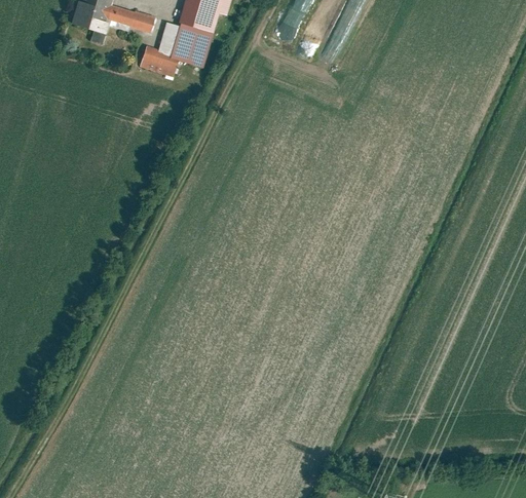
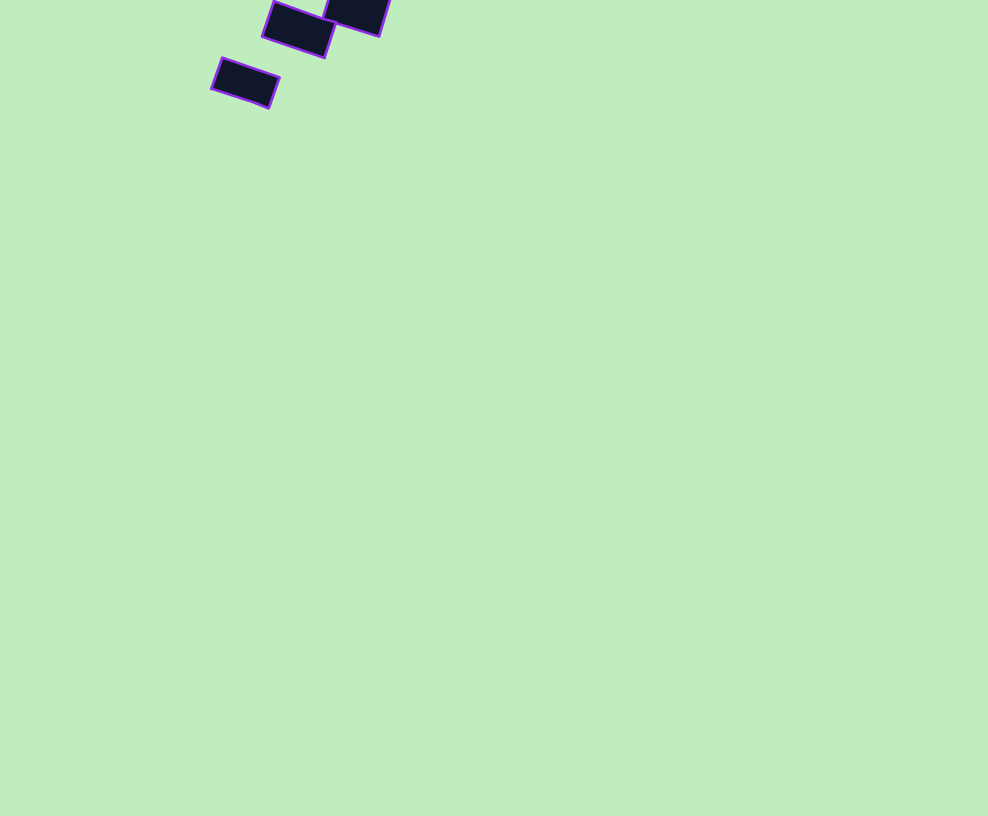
building: none -> [211,58,279,108]

